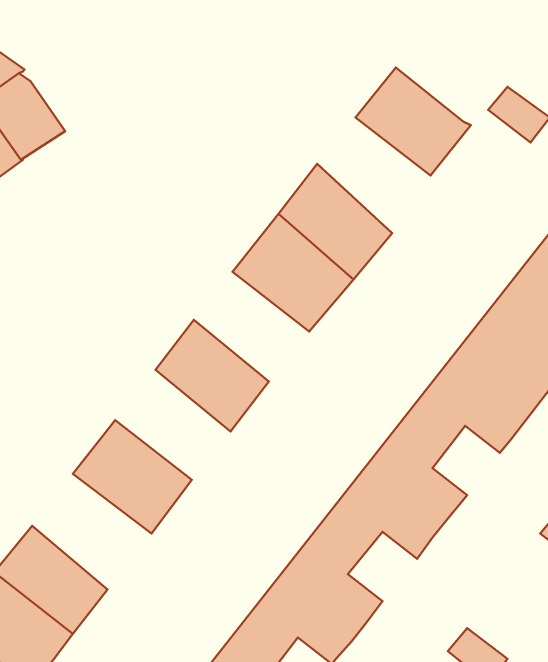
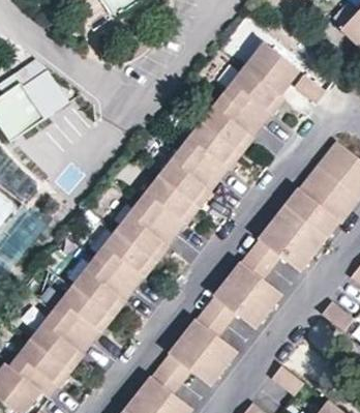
building: none -> [244,40,299,93]
building: none -> [202,91,263,153]
building: none -> [136,174,198,233]
building: none -> [93,227,155,286]
building: none -> [49,283,113,345]

